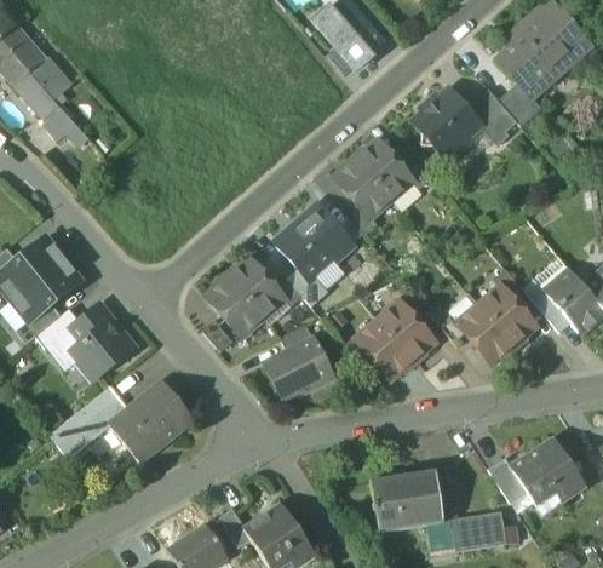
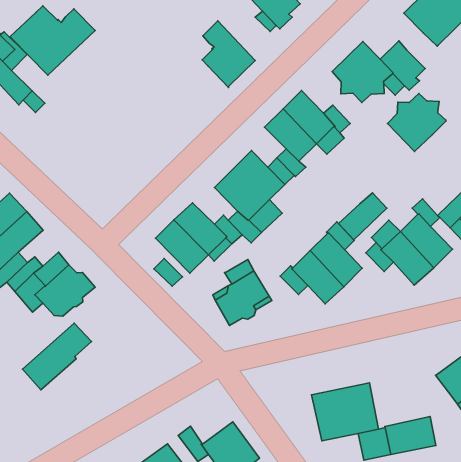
building: none -> [10,6,95,75]
building: none -> [202,21,255,88]
building: [498,82,541,126] -> none
building: none -> [388,93,446,151]
building: none -> [338,193,387,240]
building: [109,380,194,460] -> none
building: [489,457,528,503] -> none

